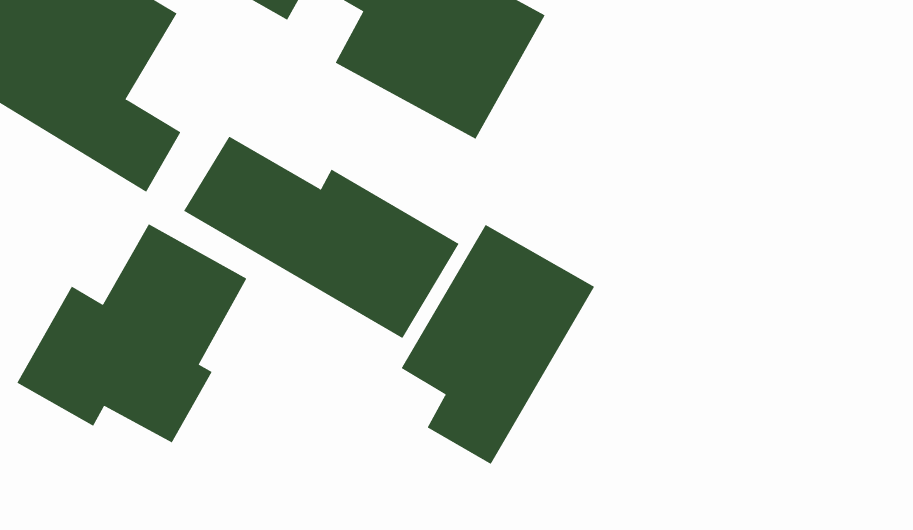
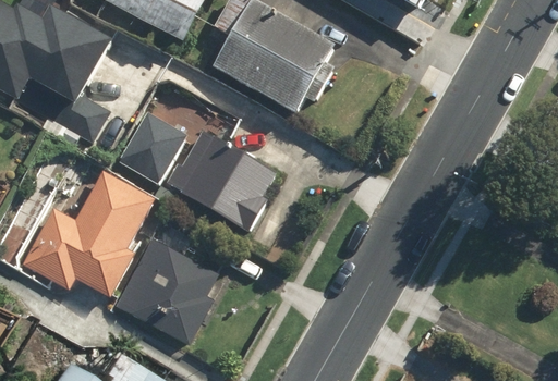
building: [401,224,595,465] -> none
building: none -> [111,217,219,343]

